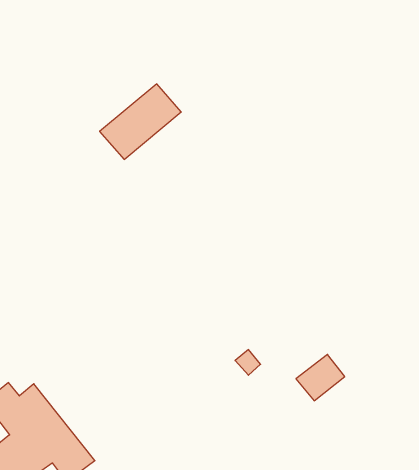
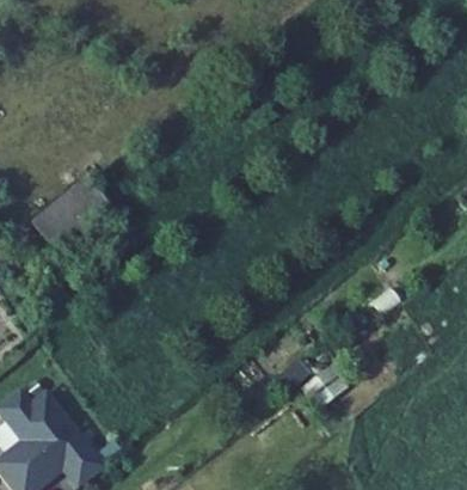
building: [100,84,181,159] -> [29,176,109,250]

